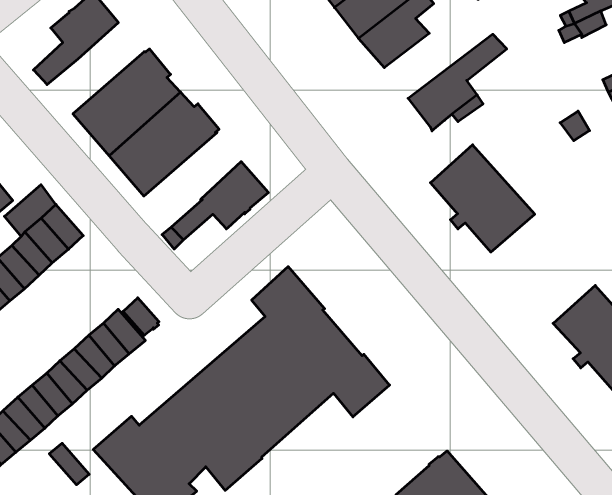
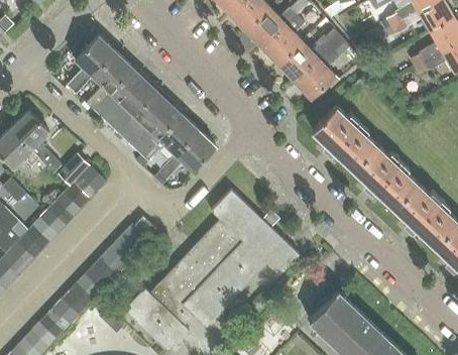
building: none -> [277,29,341,82]
building: none -> [86,52,132,110]
building: none -> [140,113,197,161]
building: none -> [352,144,417,209]

